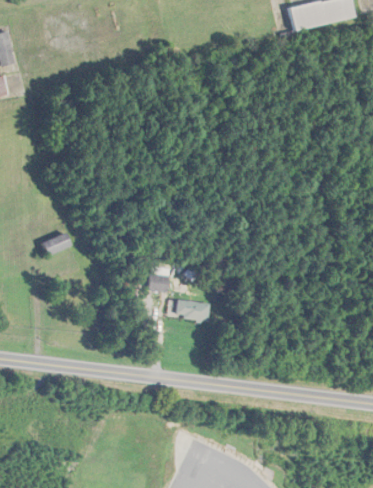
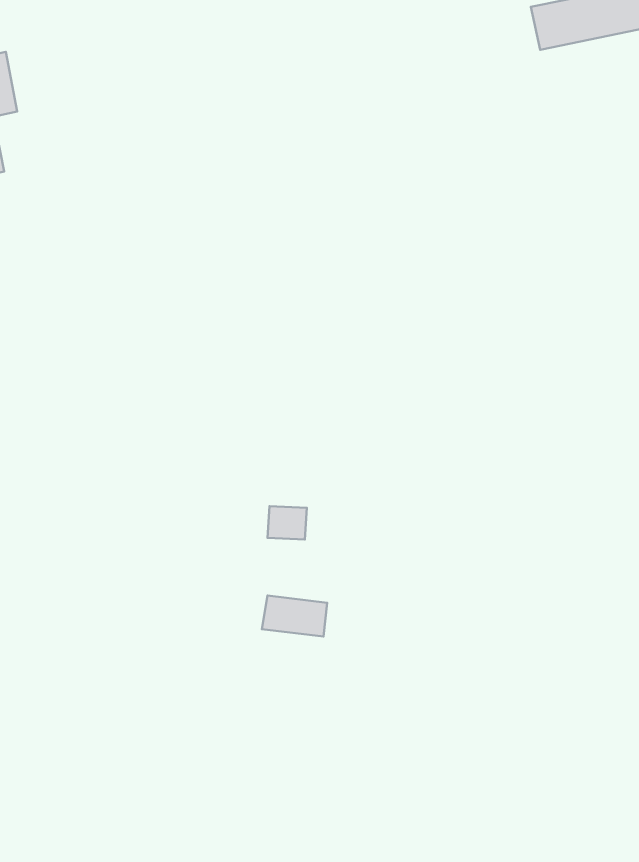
building: [41,233,70,256] -> none
building: [175,300,210,322] -> [262,595,327,637]

